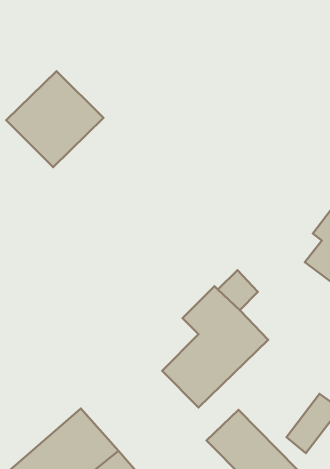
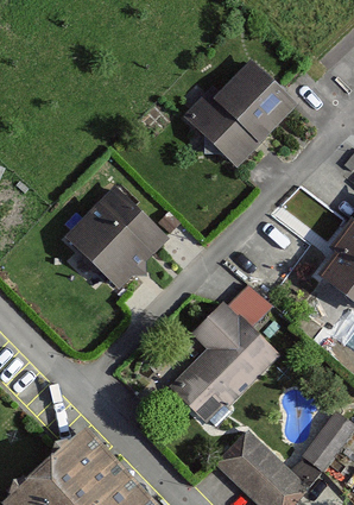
building: none -> [189,61,297,170]
building: [6,71,103,167] -> [64,187,165,286]

